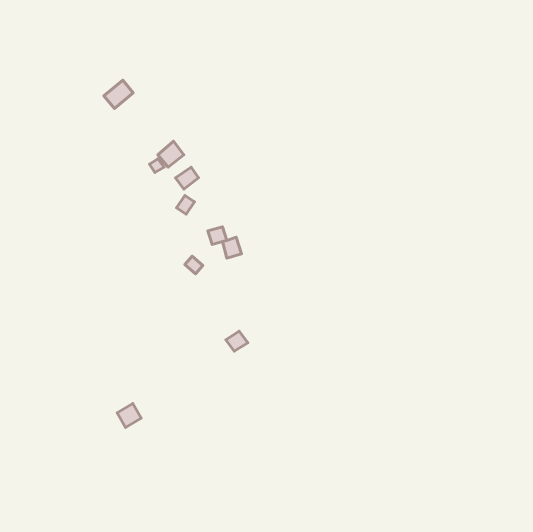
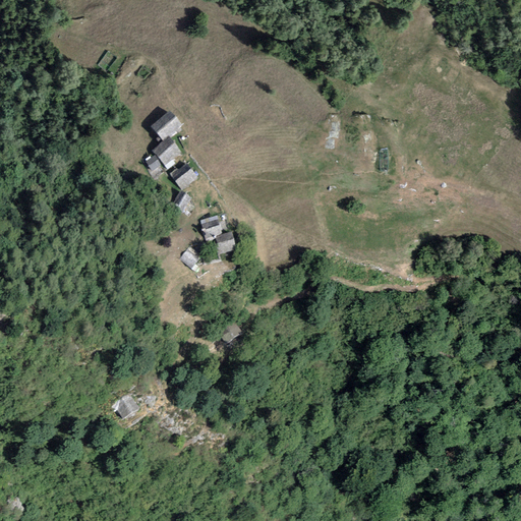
building: [104,80,133,108] -> [151,111,179,138]

